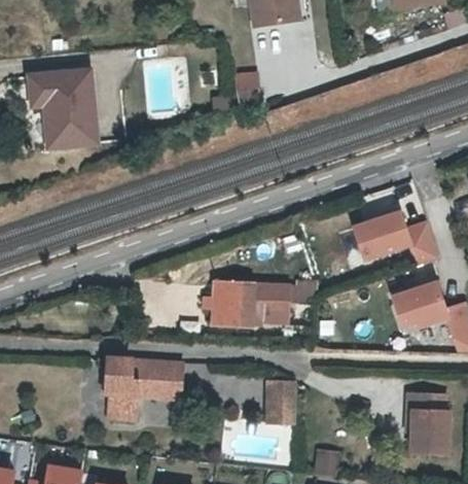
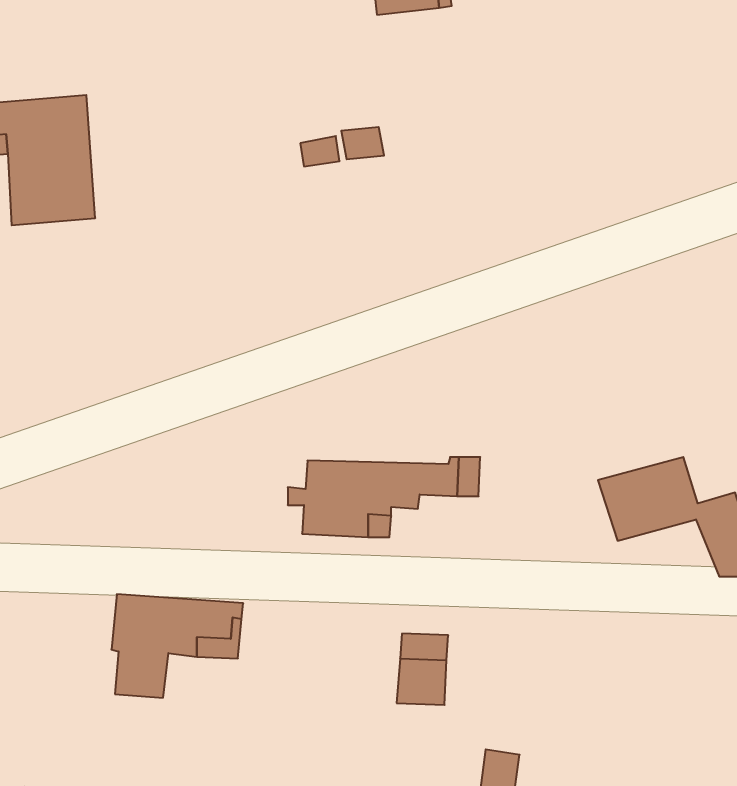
building: [346,207,434,263] -> none
building: [408,394,452,453] -> none

